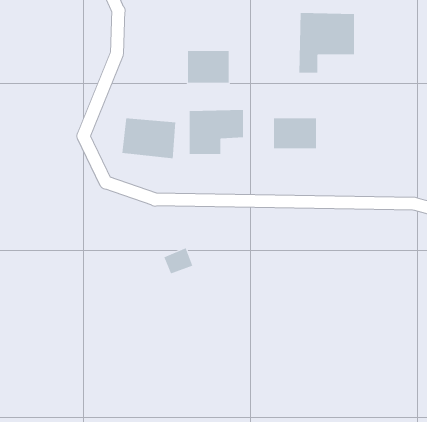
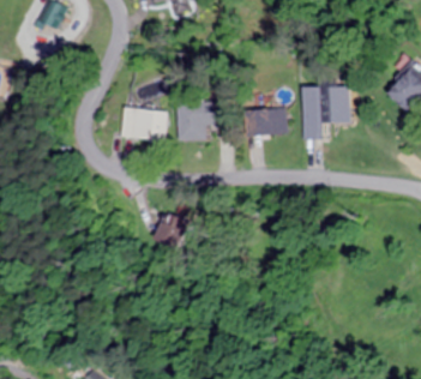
building: [299,13,355,73] -> [301,88,349,139]
building: [187,50,229,83] -> none

